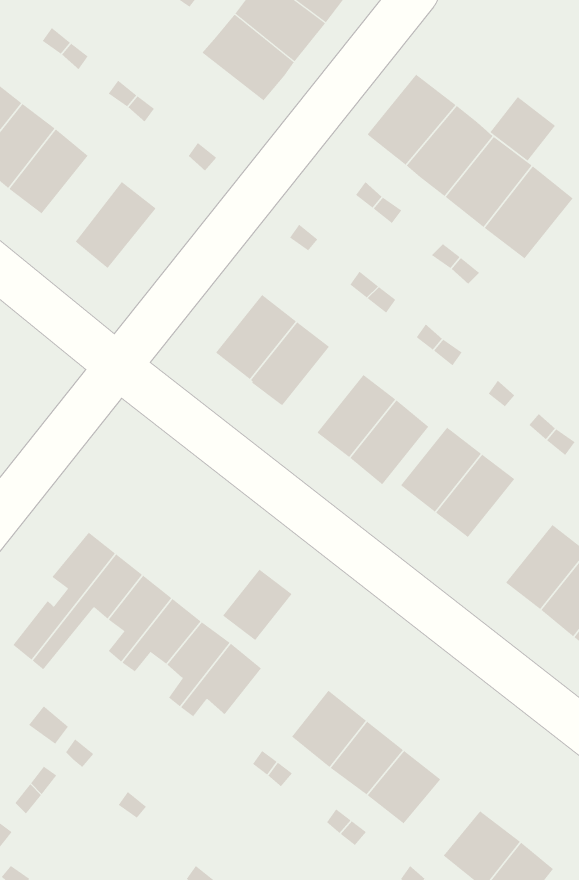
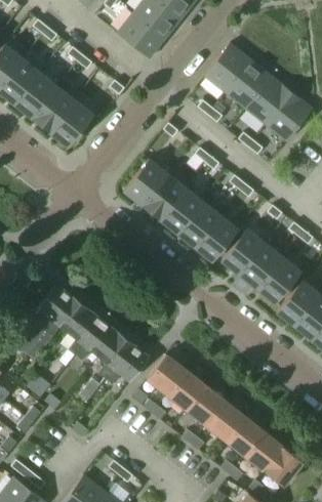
building: [489,96,556,162] -> none
building: none -> [33,86,75,131]
building: none -> [160,186,202,232]
building: none -> [257,256,299,301]
building: [222,569,292,641] -> [147,353,184,391]
building: none -> [224,414,264,454]

